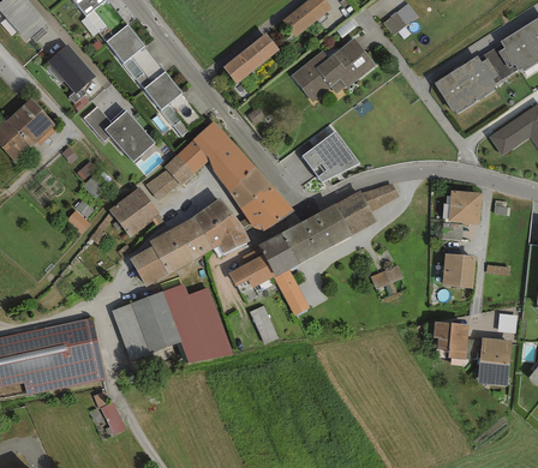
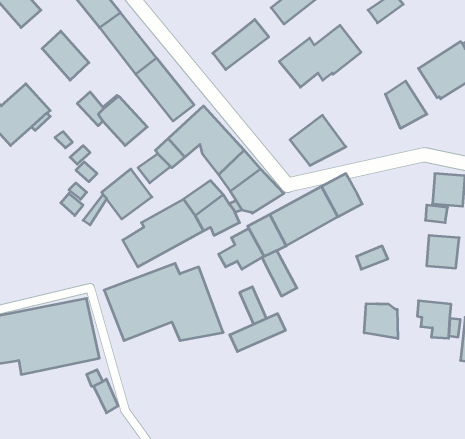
building: none -> [385,81,427,128]
building: [360,182,399,211] -> none
building: none -> [364,304,398,339]
building: none -> [230,314,285,352]

